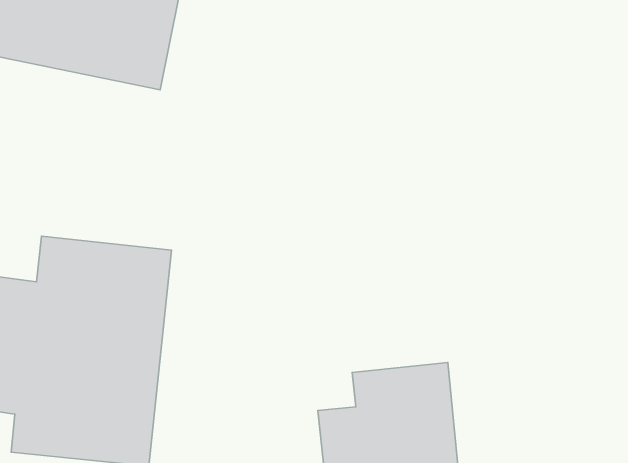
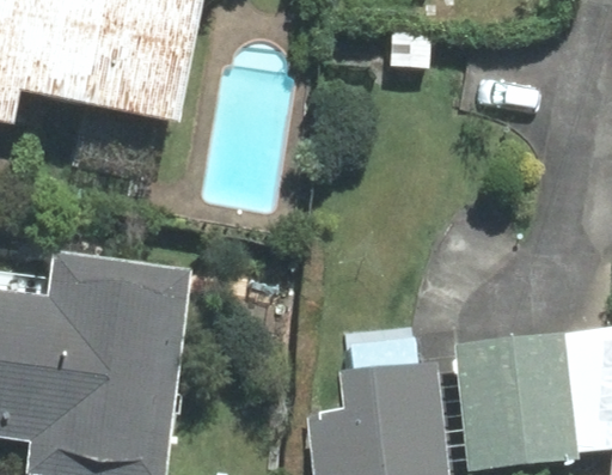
building: none -> [470,334,580,456]

